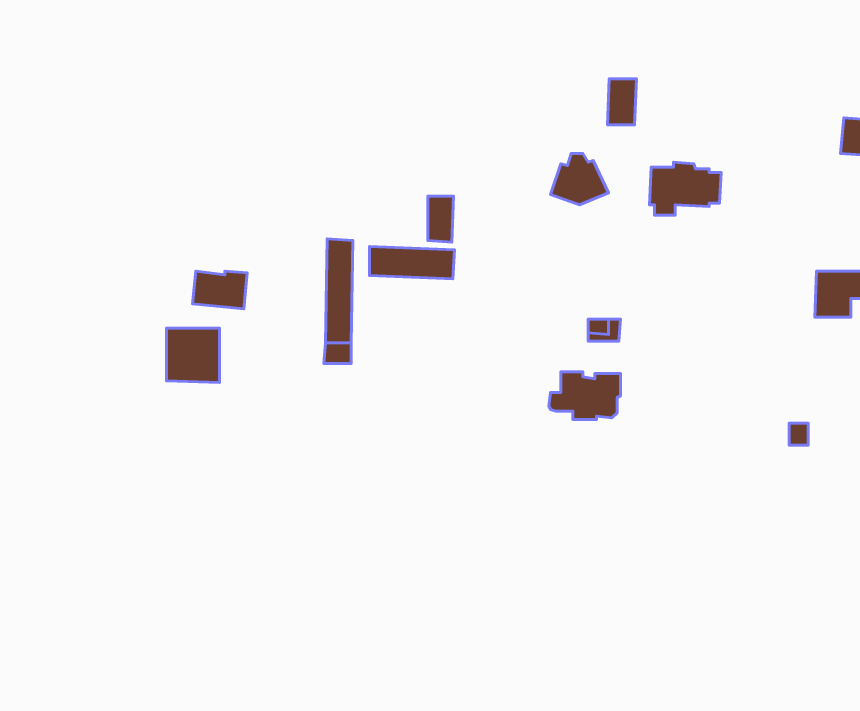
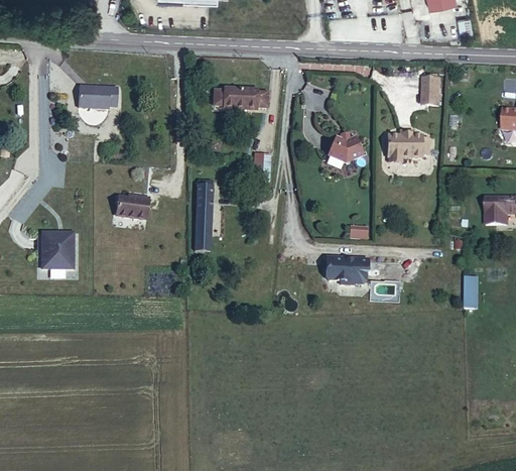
building: [607,79,636,125] -> [420,78,437,105]
building: none -> [78,87,117,109]
building: [369,246,455,279] -> [215,90,265,109]
building: [167,328,219,383] -> [41,237,73,269]

